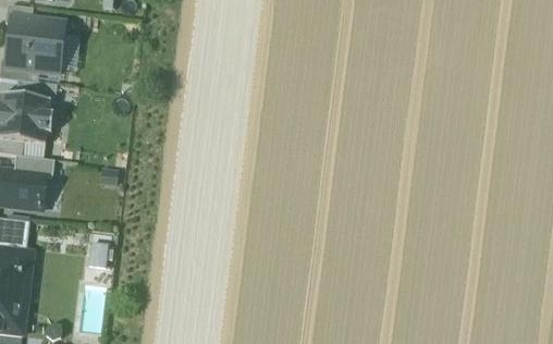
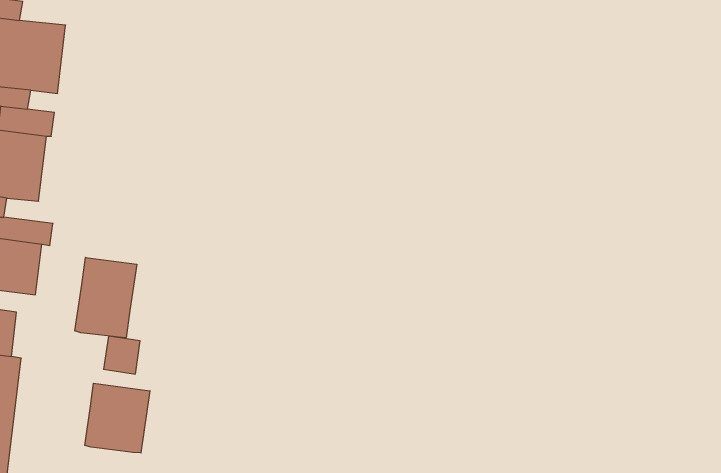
building: none -> [75,257,137,338]
building: none -> [85,383,150,453]

